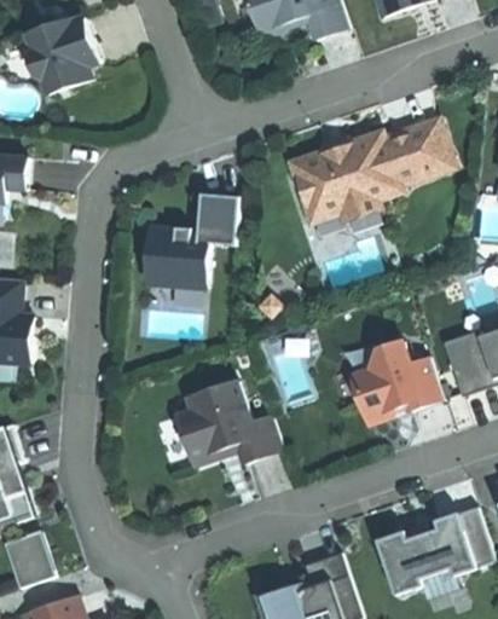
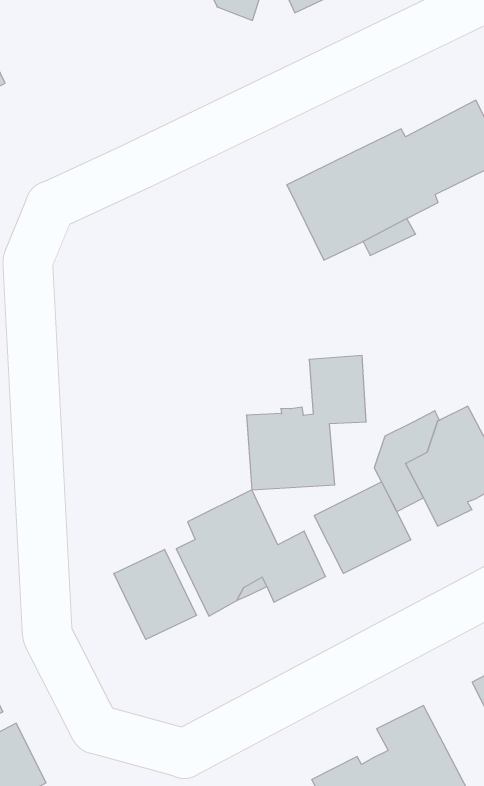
building: [146,193,239,287] -> [246,355,366,490]
building: none -> [314,482,411,573]
building: none -> [114,549,196,639]

